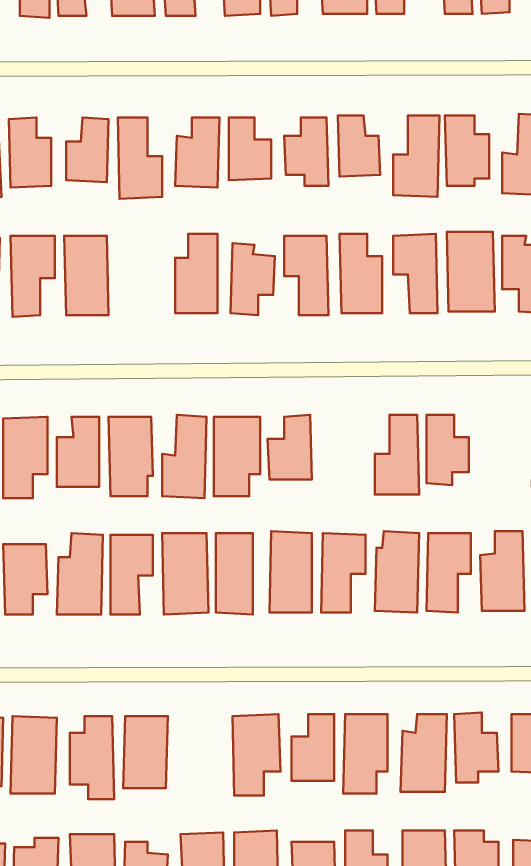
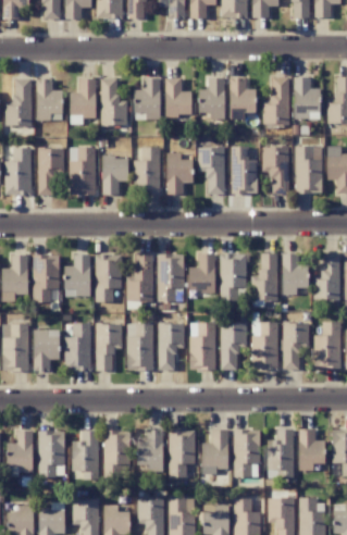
building: none -> [102,157,127,195]
building: none -> [313,252,338,300]
building: none -> [220,253,246,301]
building: none -> [136,430,163,472]

